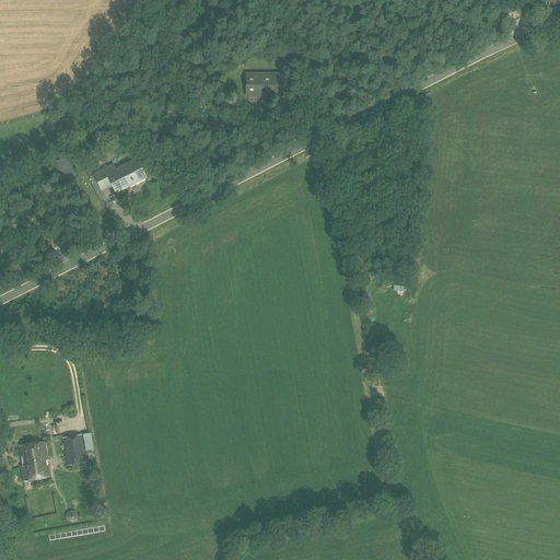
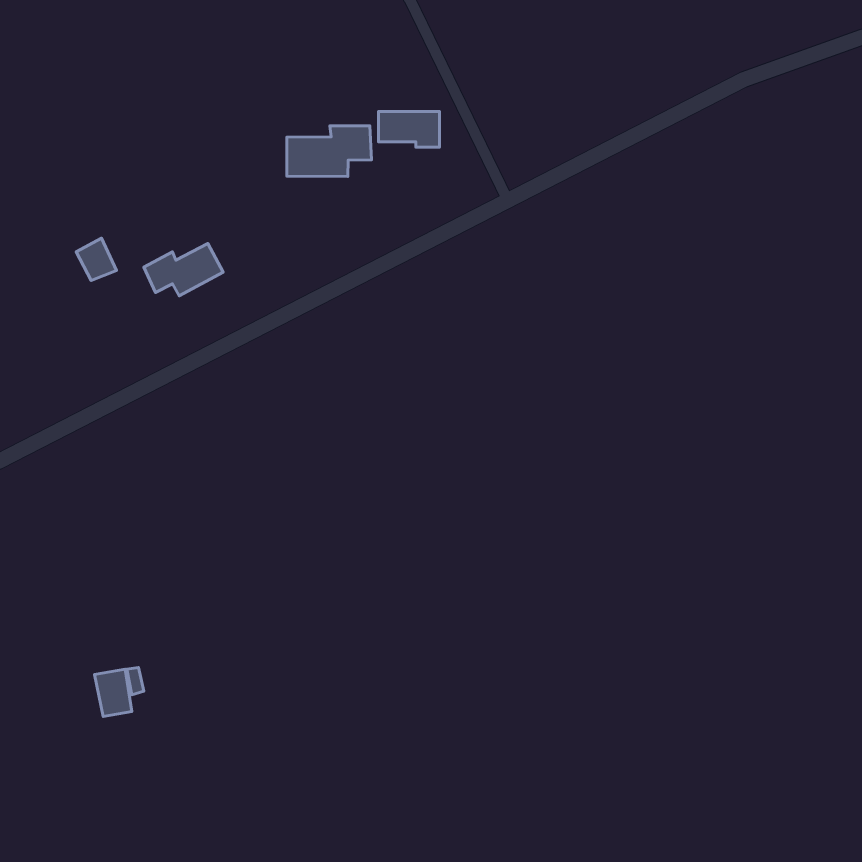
building: none -> [287,126,371,177]
building: [18,440,49,480] -> none

